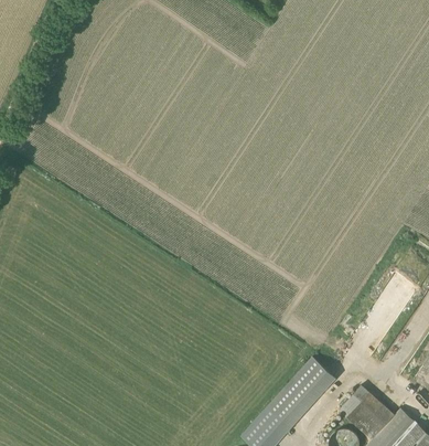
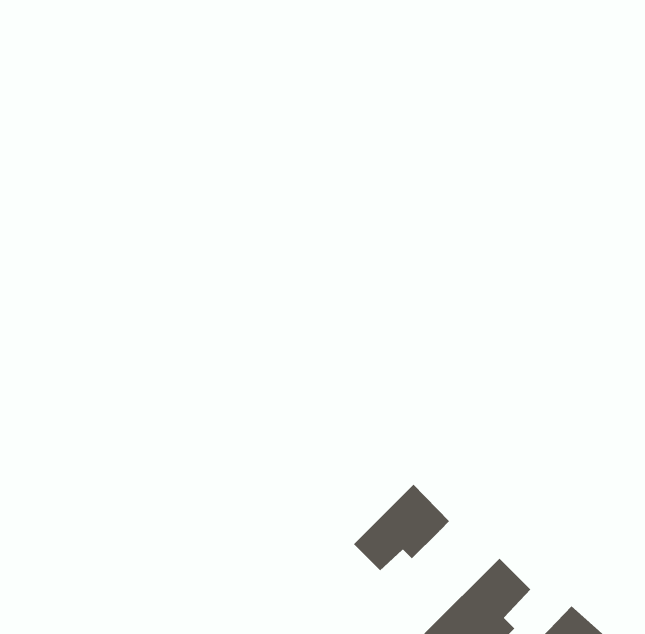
building: none -> [353,484,450,571]

